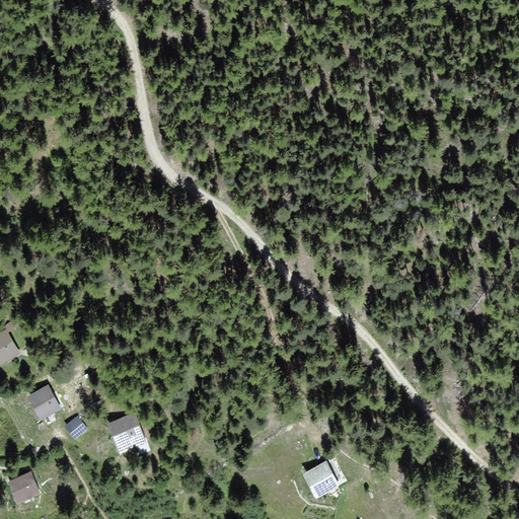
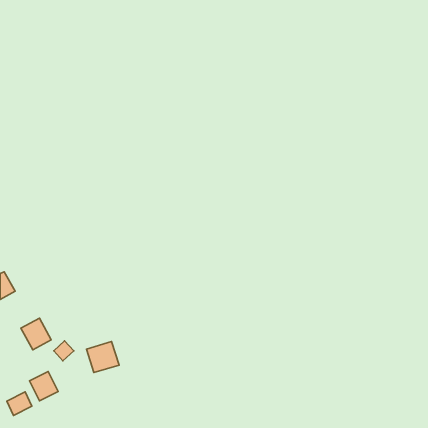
building: none -> [30,371,58,401]
building: [298,460,337,498] -> none

